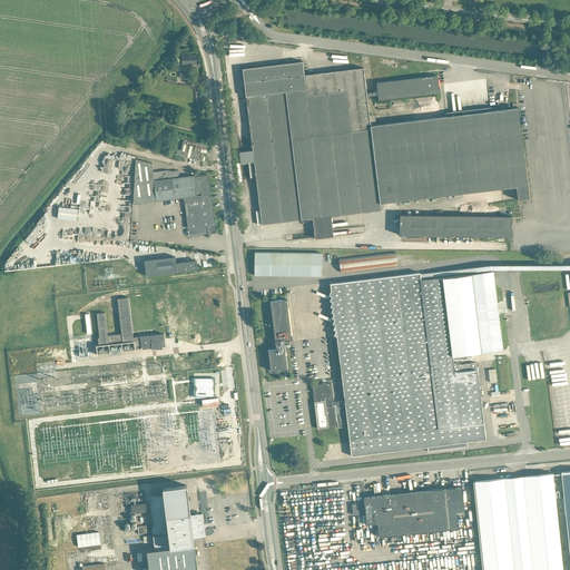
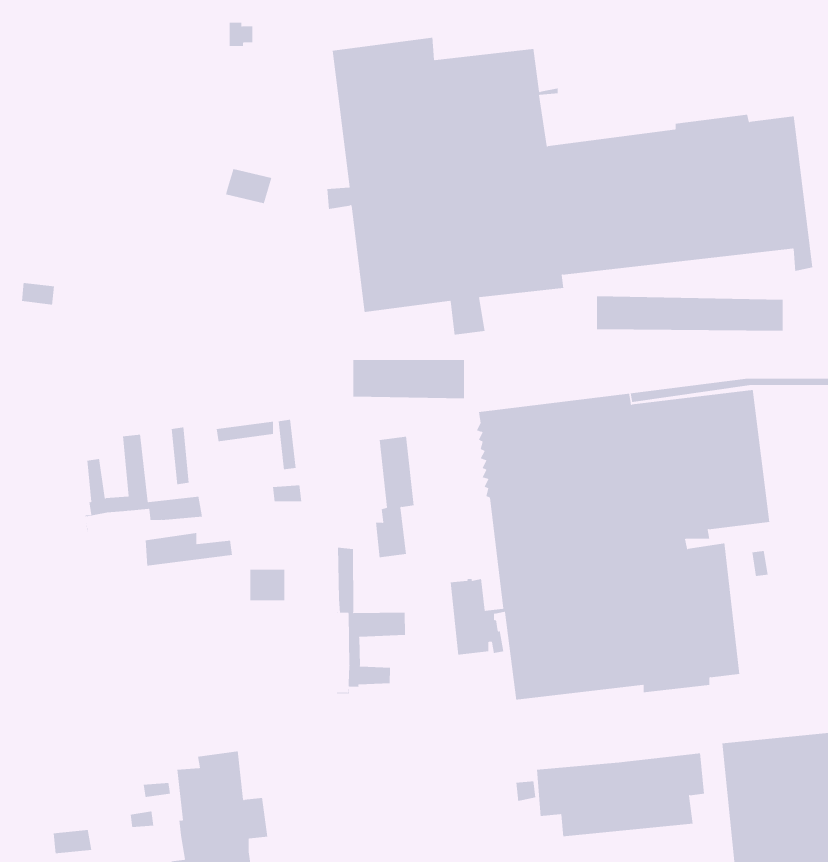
building: [376,77,440,101] -> none
building: [134,160,214,238] -> none
building: [145,257,197,277] -> [145,533,233,566]
building: none -> [336,547,405,694]

